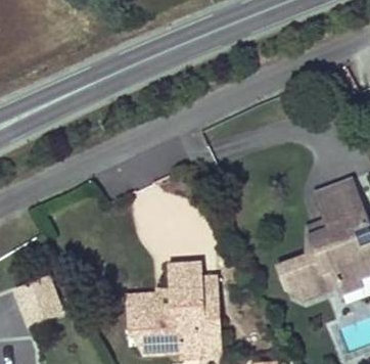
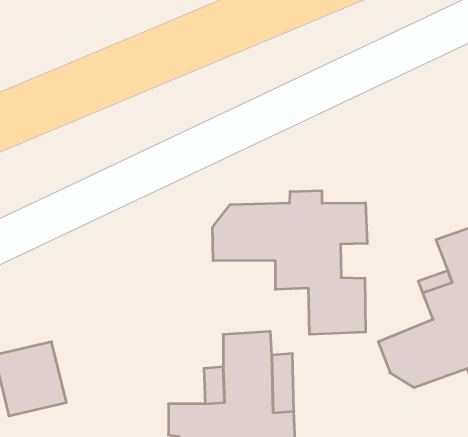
building: none -> [213,191,367,334]

